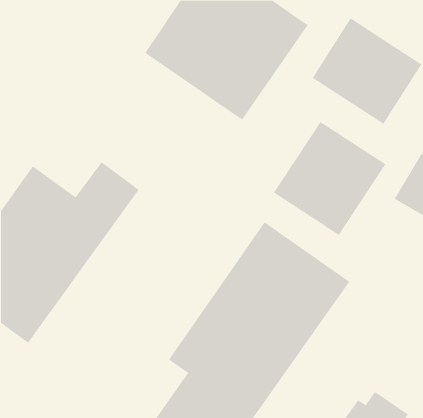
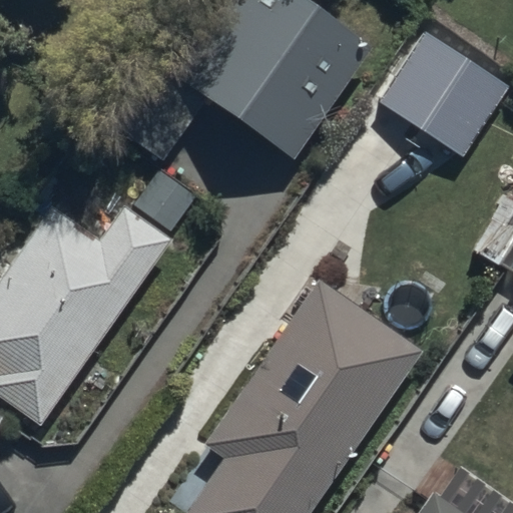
building: [273,121,386,236] -> none

